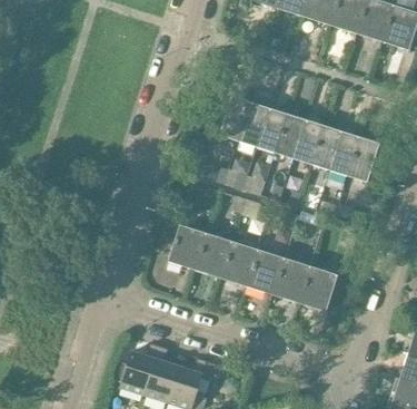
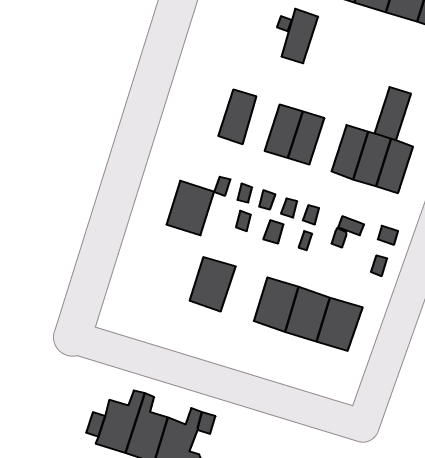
building: [239,101,269,146] -> [281,9,318,63]
building: [294,119,324,163] -> [374,87,411,140]
building: [168,224,207,269] -> [166,181,214,235]
building: [221,241,259,285] -> none

